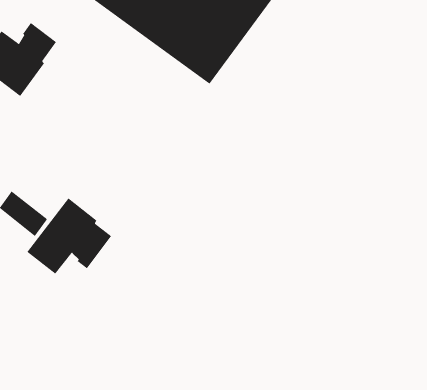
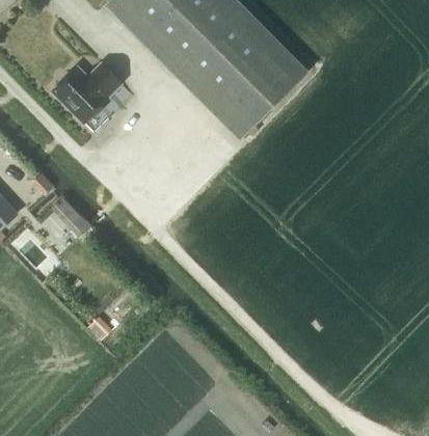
building: [27,198,112,275] -> none

